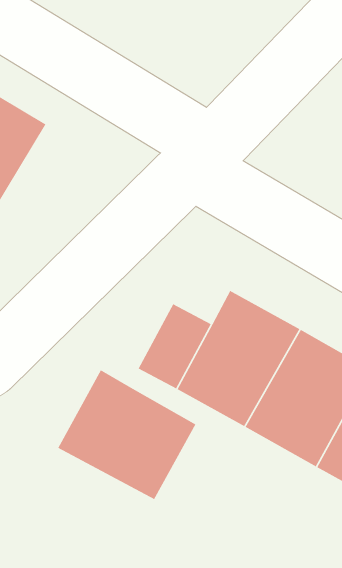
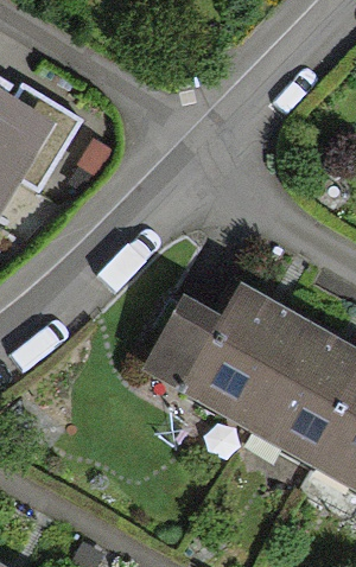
building: [57,369,196,500] -> none

